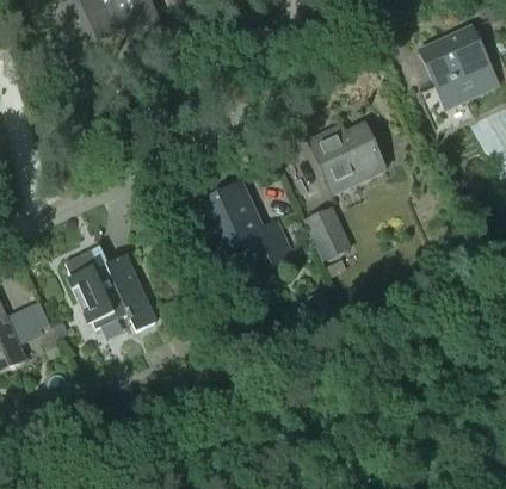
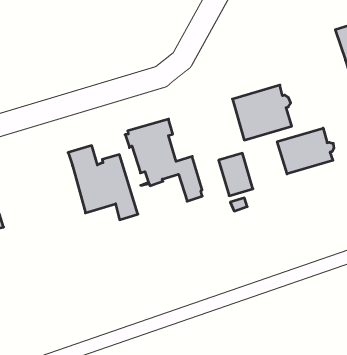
building: none -> [277,128,334,174]
building: [64,249,155,330] -> [68,146,138,220]

